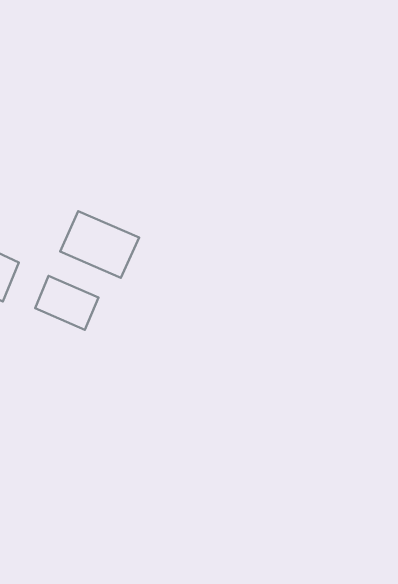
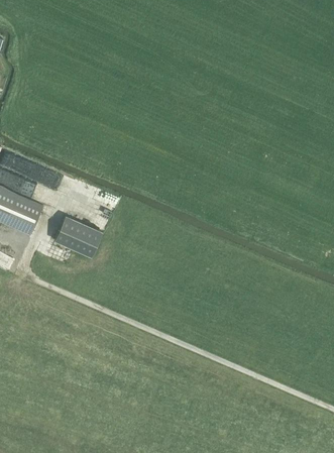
building: [60,211,139,278] -> none

